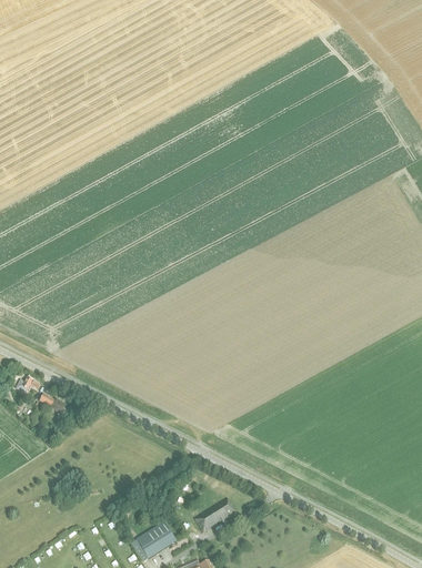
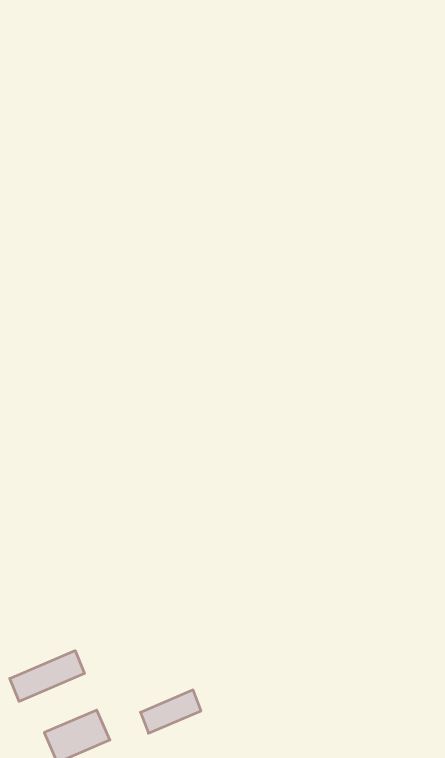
building: none -> [10,651,84,701]

